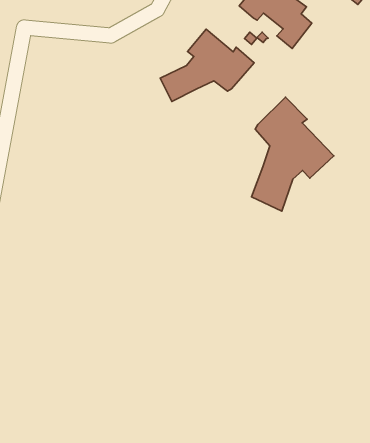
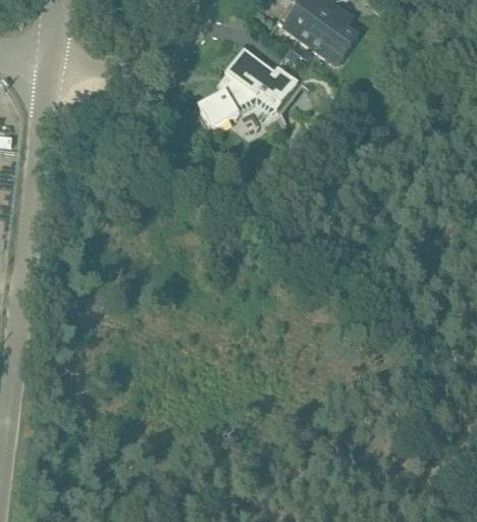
building: [251,97,334,211] -> none

